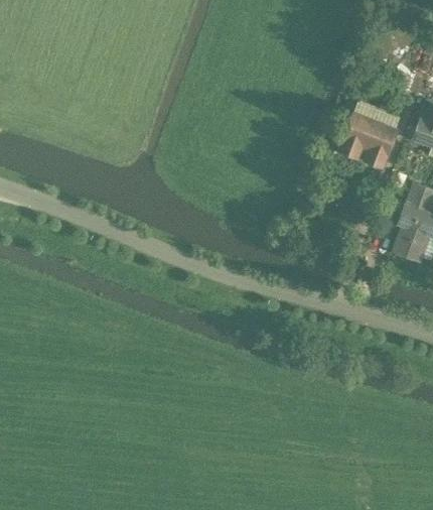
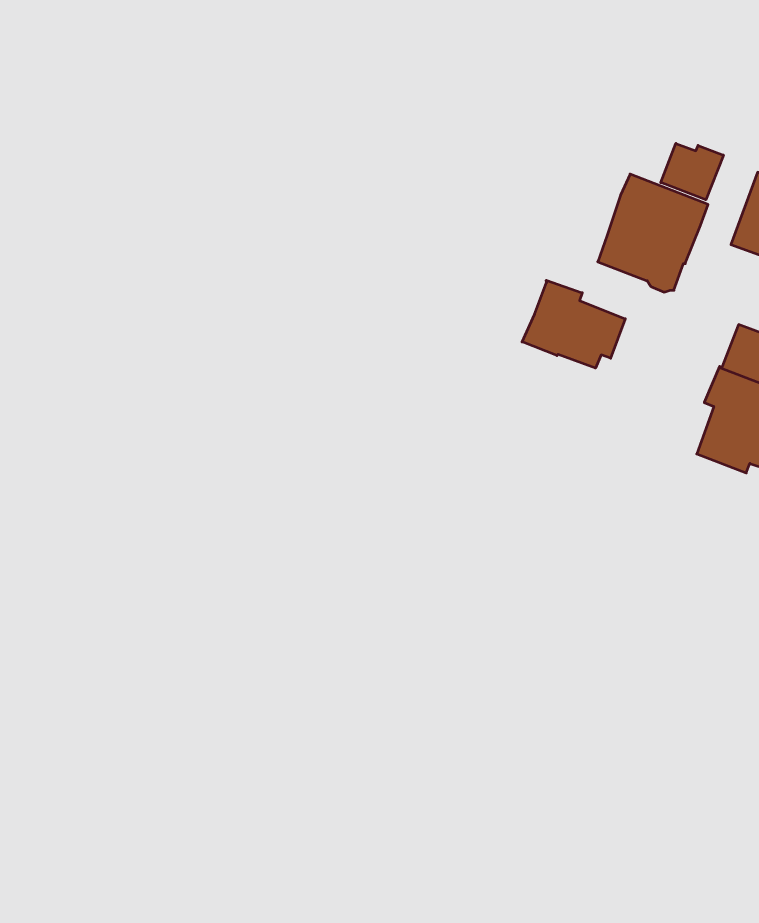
building: none -> [661,143,723,200]
building: none -> [522,280,625,368]

